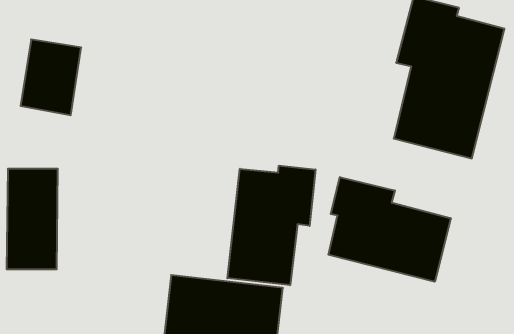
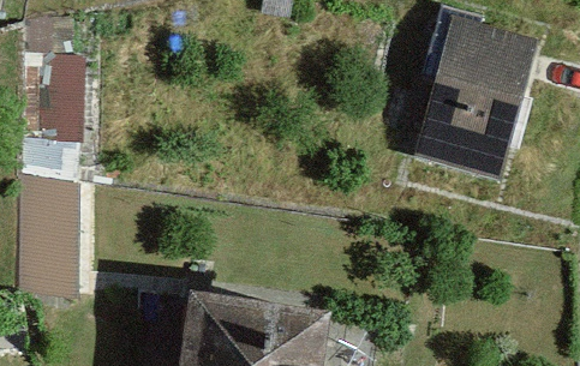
building: [227,166,315,285] -> none
building: [328,177,451,282] -> none

